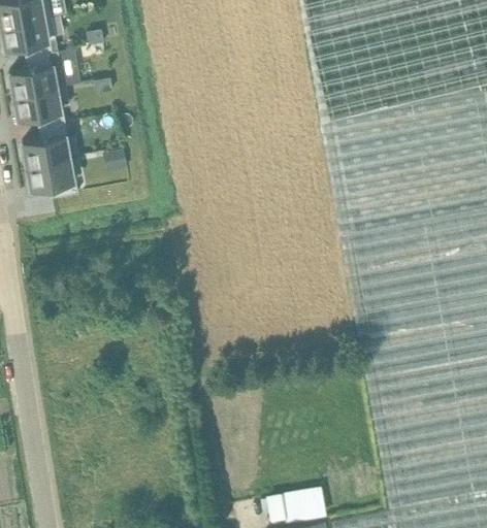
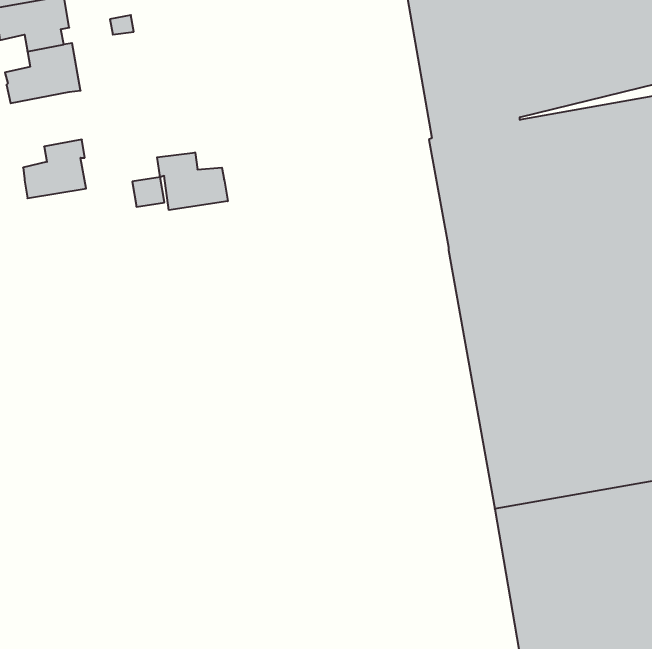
building: [12,78,65,119] -> none
building: none -> [157,152,228,210]
building: [25,150,77,190] -> none

